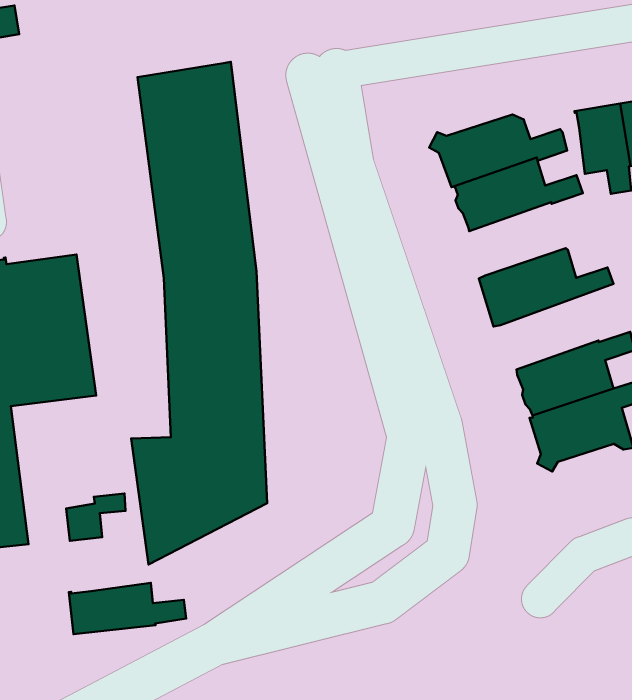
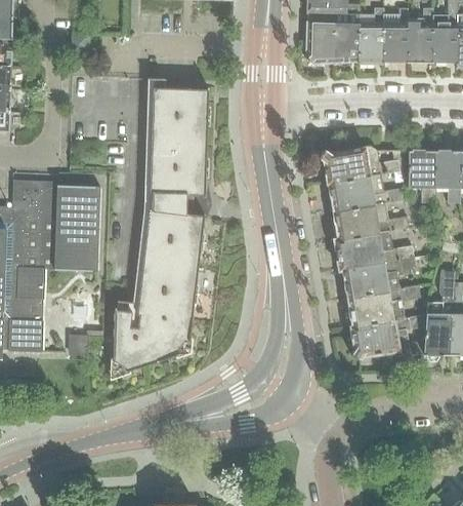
building: none -> [332,201,409,238]
building: none -> [342,256,415,297]
building: [69,583,186,634] -> none

